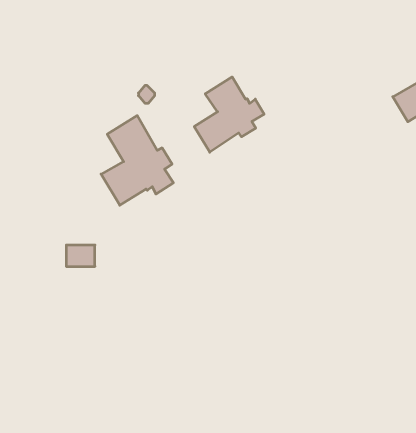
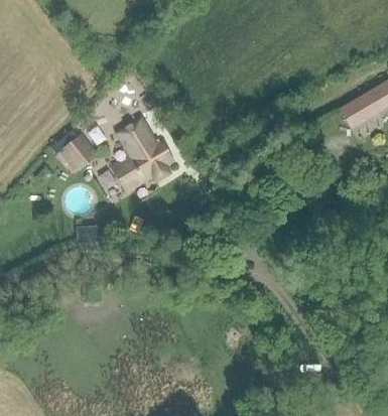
building: [194,77,264,152] -> none
building: none -> [59,137,95,170]

